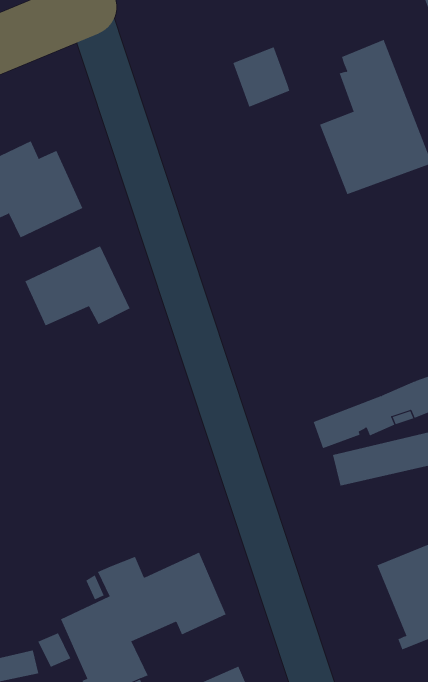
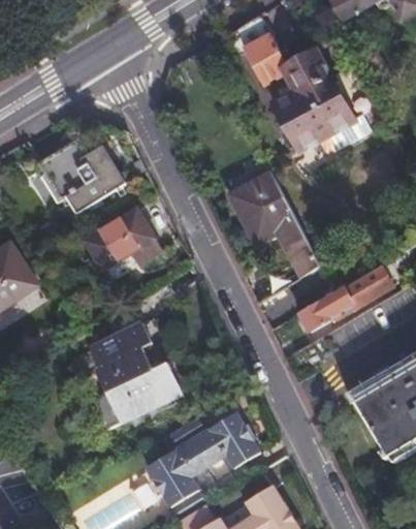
building: [233,46,290,107] -> [242,33,284,77]
building: none -> [229,173,320,277]
building: none -> [92,321,187,430]

